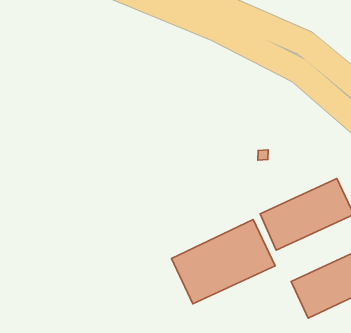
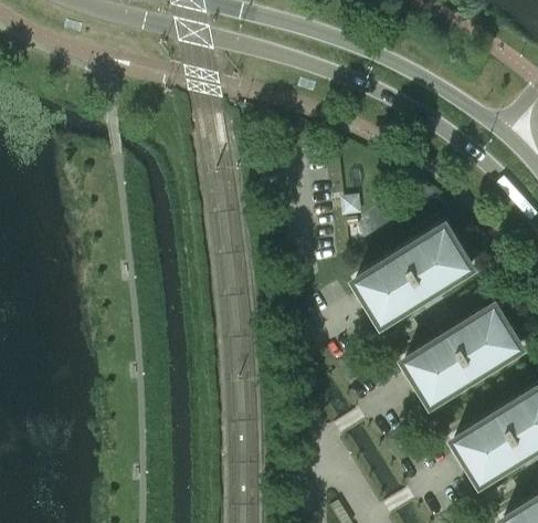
building: [172,220,275,304] -> none

